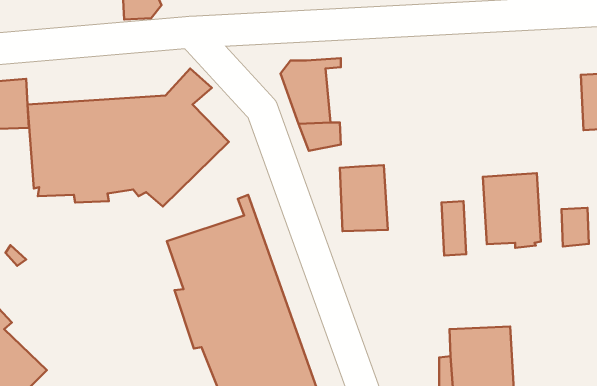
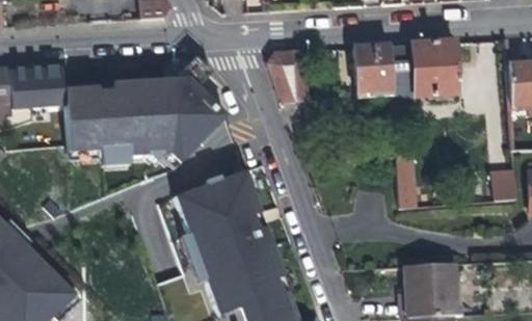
building: [340,165,388,231] -> [355,44,394,97]
building: [483,173,541,248] -> [411,39,458,100]

